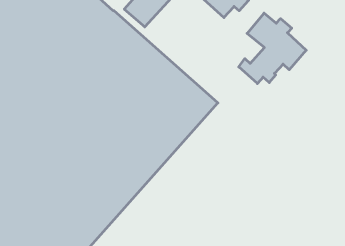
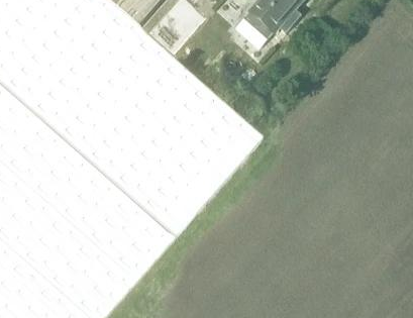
building: [239,13,306,84] -> none

